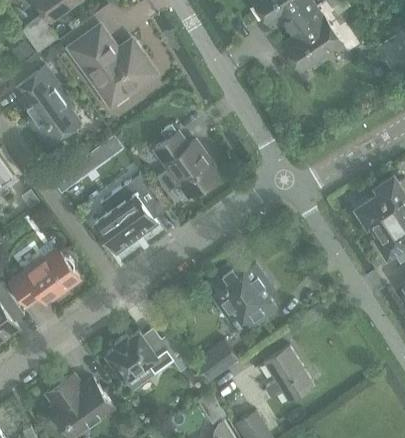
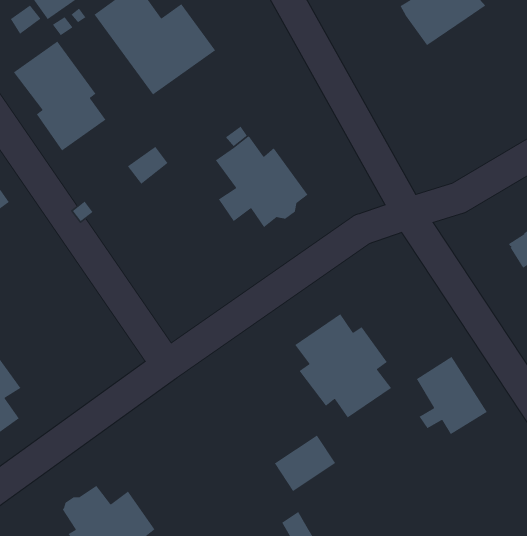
building: [92,175,164,254] -> none
building: [8,243,78,307] -> none
building: [104,331,190,391] -> none
building: [262,347,312,402] -> [416,356,488,435]

